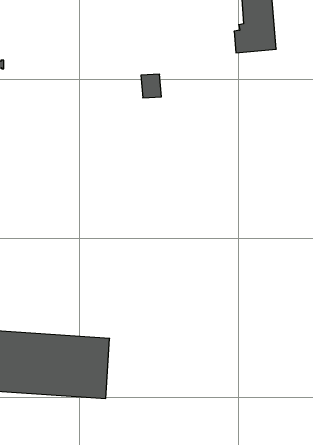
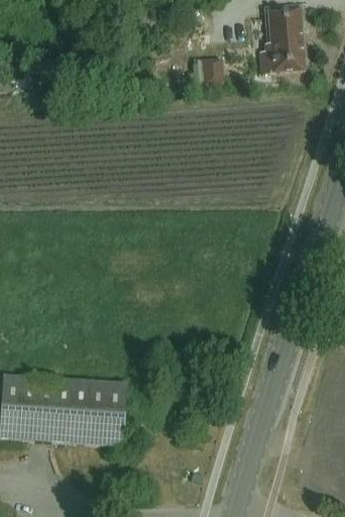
building: [141,74,161,98] -> [201,59,223,84]

